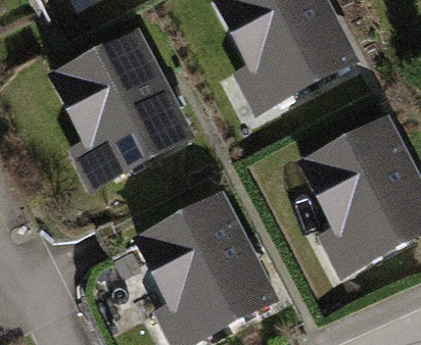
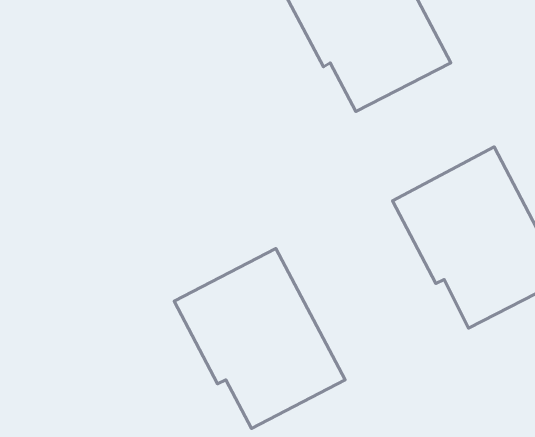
building: [57,38,185,174] -> none

